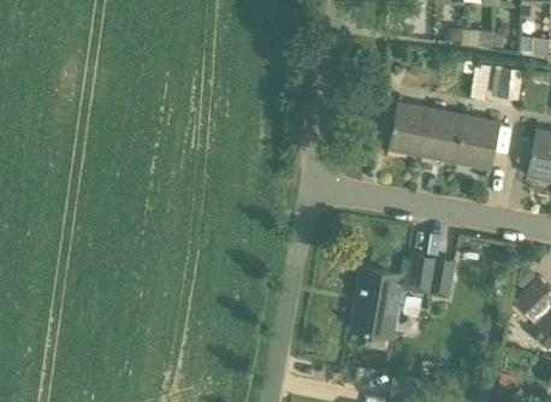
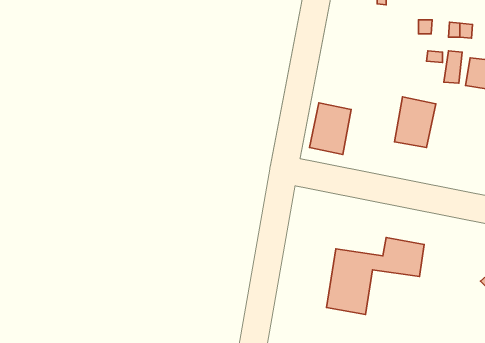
building: [387,102,431,156] -> [310,103,351,155]
building: [456,117,500,170] -> none

